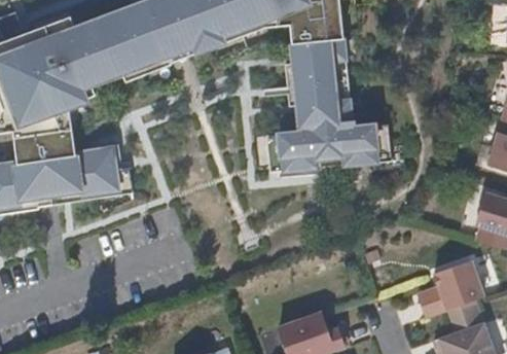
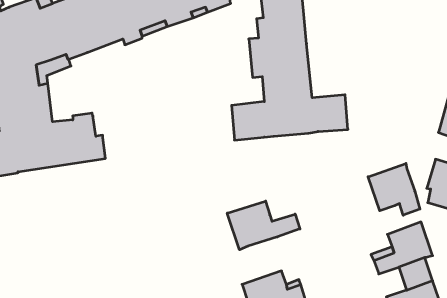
building: none -> [368,163,420,215]
building: none -> [227,201,300,250]

